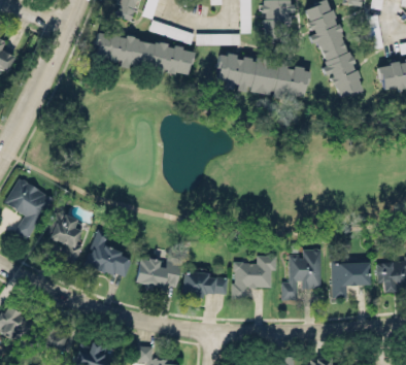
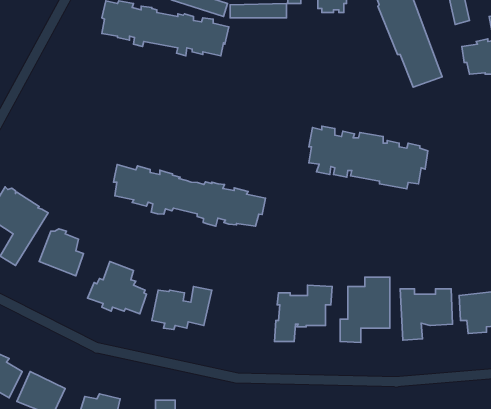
building: [216,52,310,101] -> [309,126,428,189]
building: none -> [114,165,266,226]
building: [181,270,227,296] -> none

